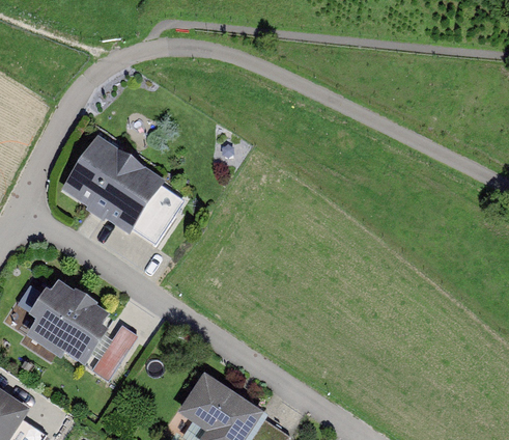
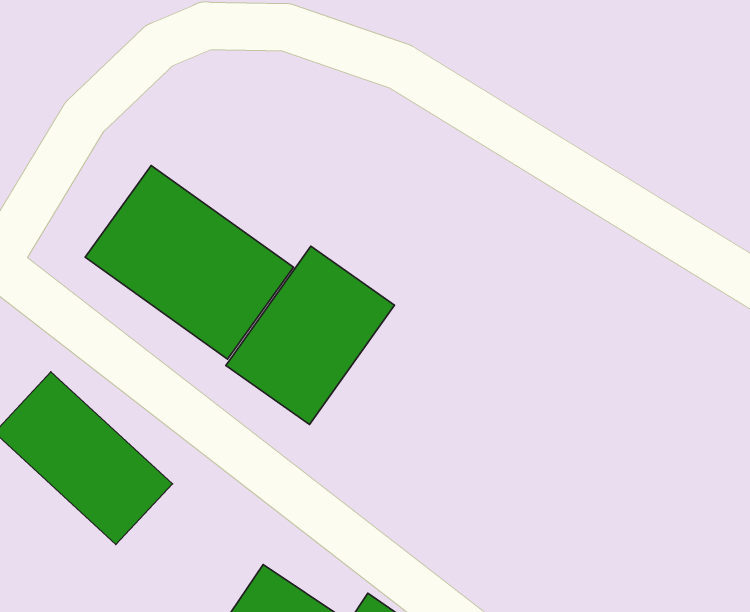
building: none -> [226,246,395,425]

